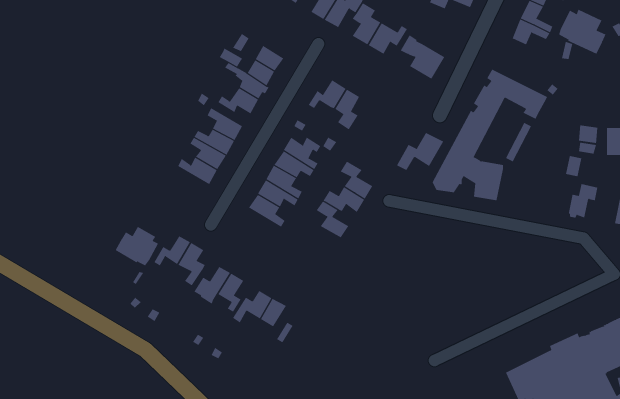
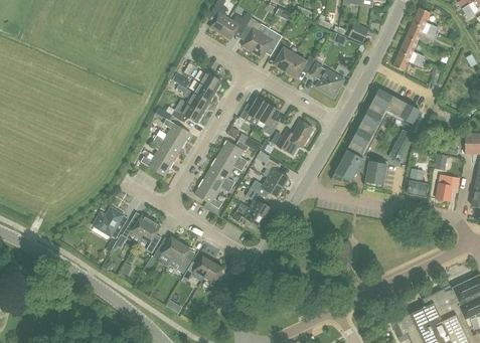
building: [558,9,606,55] -> none
building: [396,132,444,171] -> [276,120,312,149]
building: none -> [407,169,427,196]
building: none -> [232,202,265,226]

